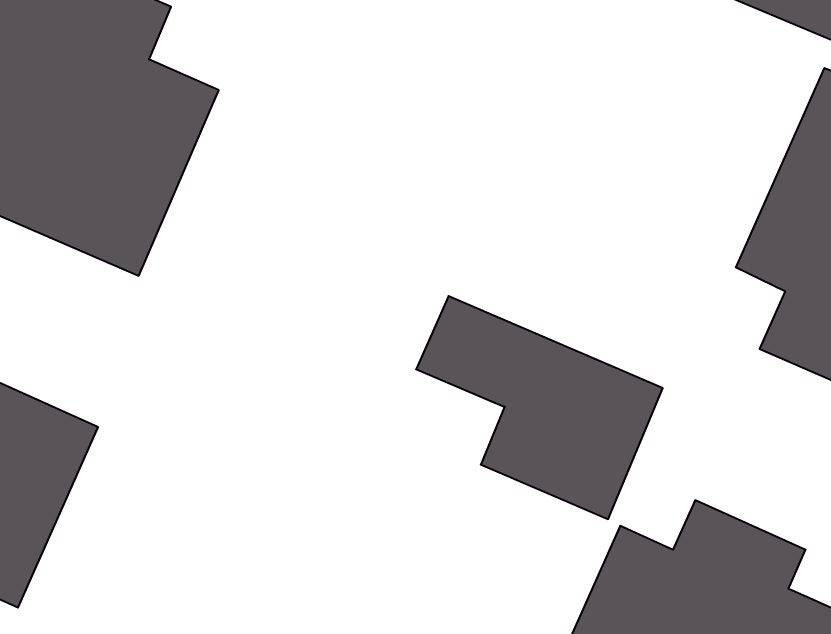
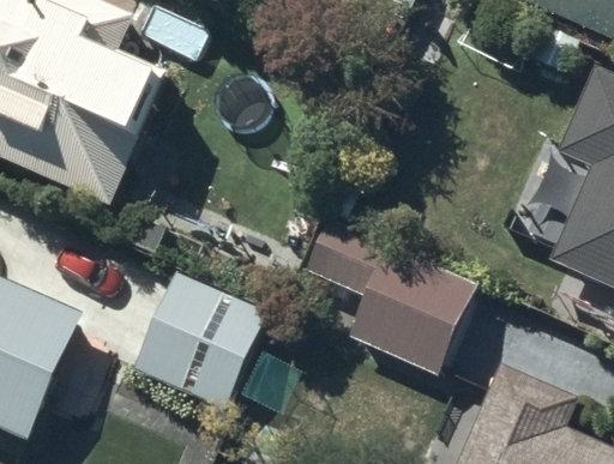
building: none -> [132,271,265,408]

